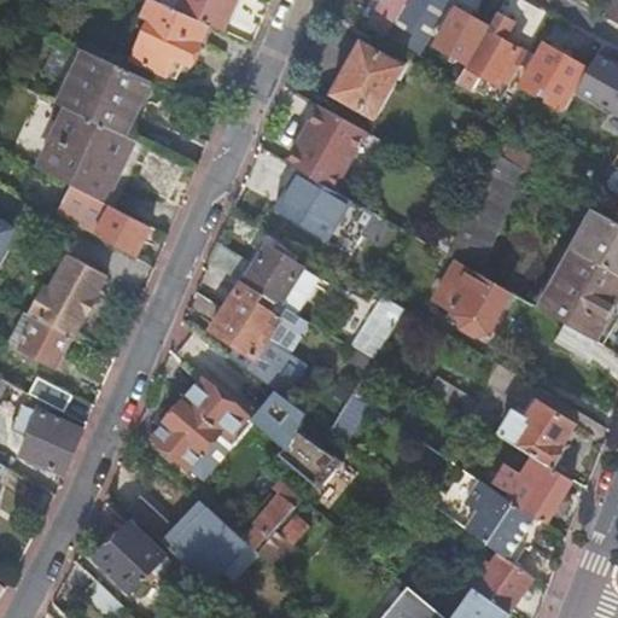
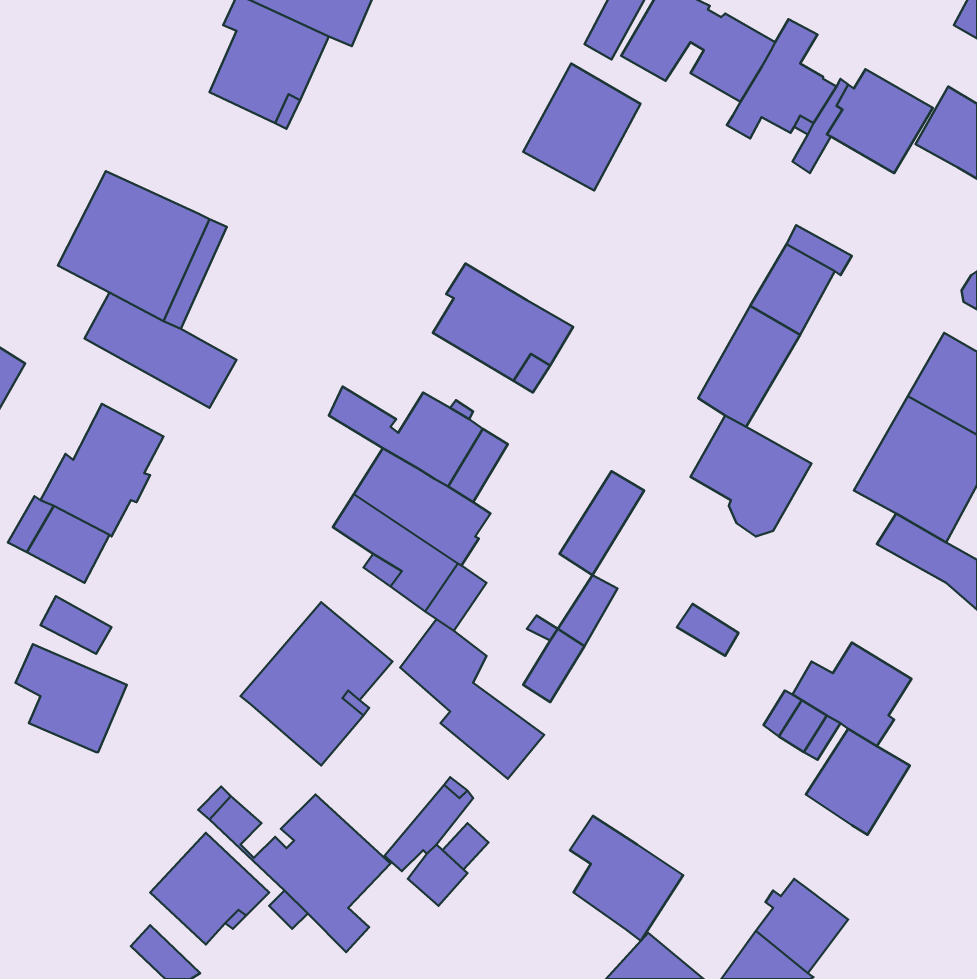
building: [58,49,151,134] -> none
building: [286,107,363,188] -> none
building: [464,480,535,559] -> [570,816,683,941]

